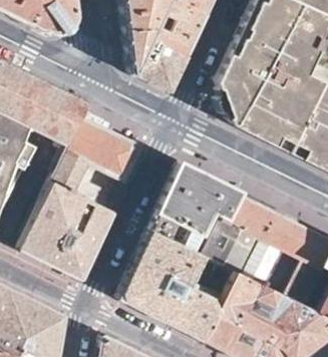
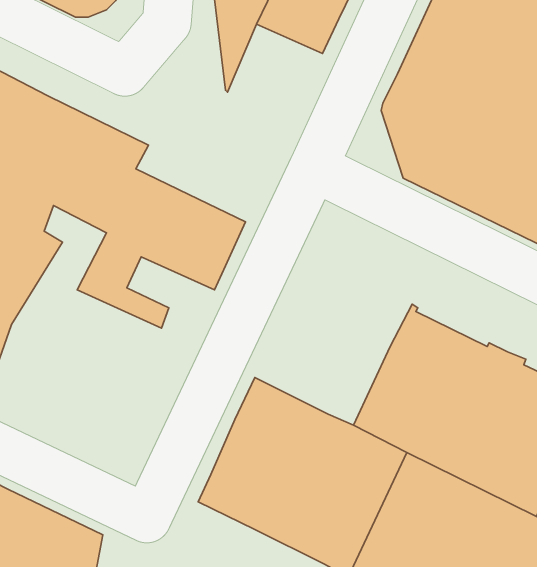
building: [136,38,189,91] -> none
building: [151,164,238,258] -> none
building: [21,184,116,281] -> none

